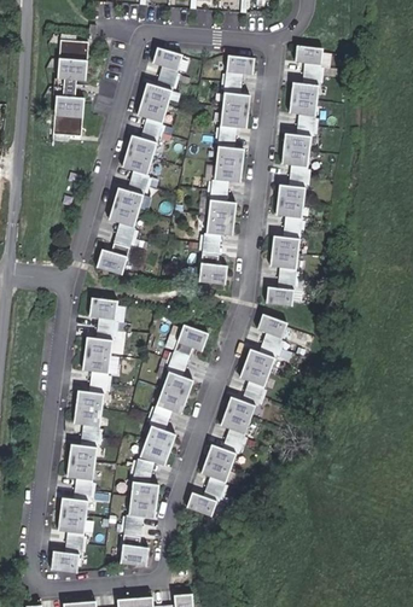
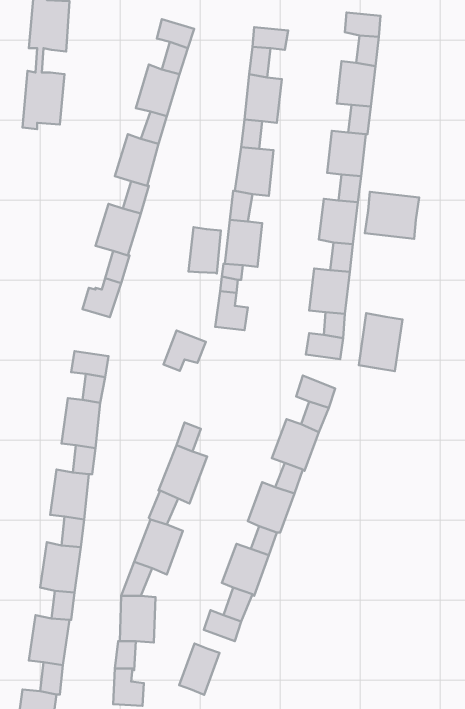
building: none -> [365,192,419,239]
building: none -> [189,227,221,274]
building: none -> [359,313,402,371]
building: [174,328,205,358] -> [164,331,206,371]
building: none -> [179,643,220,695]

